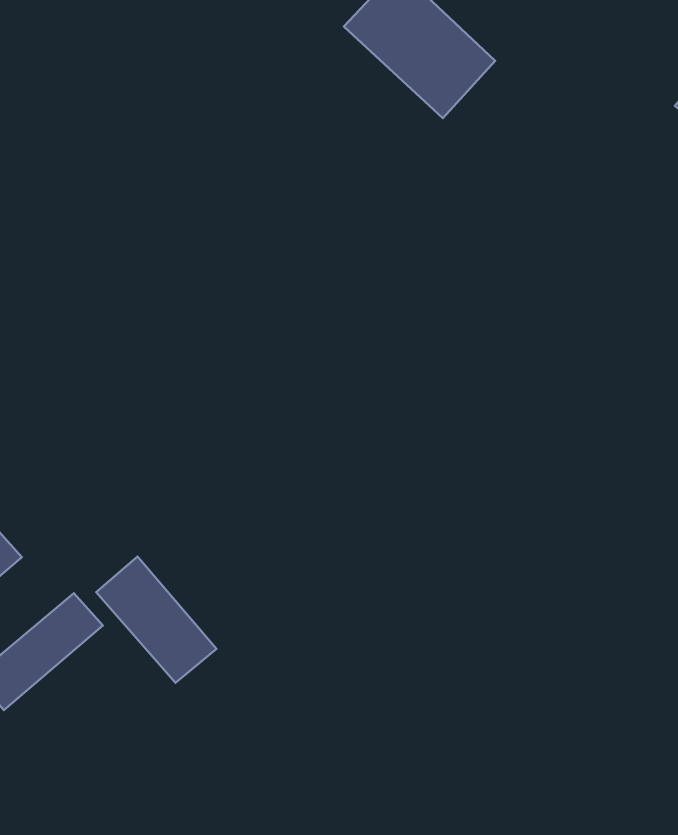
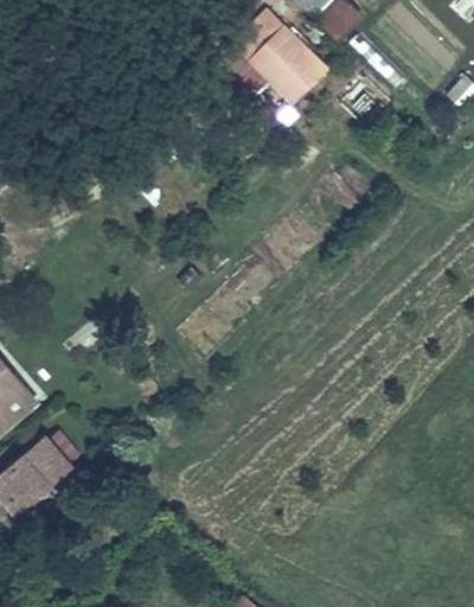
building: [96,556,217,683] -> none

